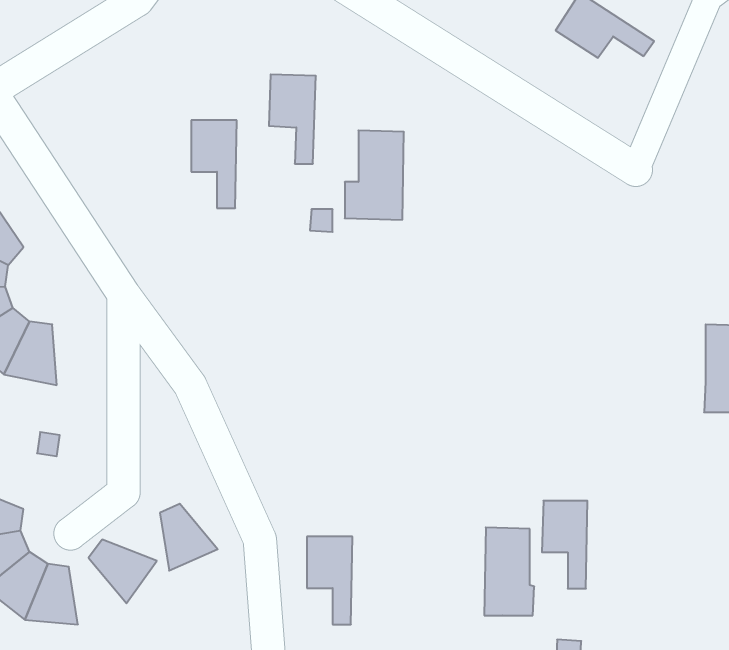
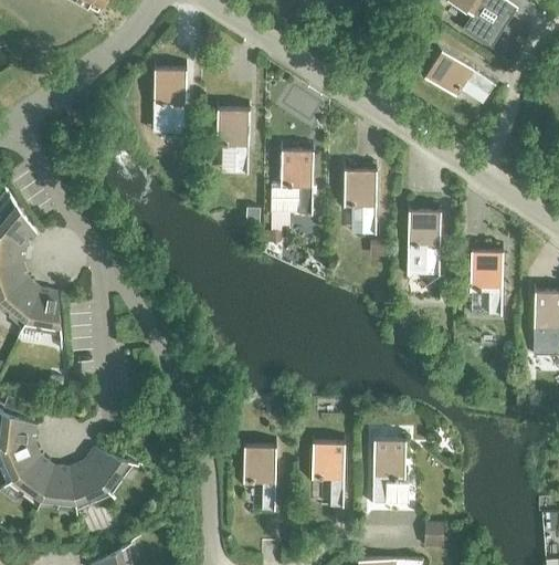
building: [191,120,237,208] -> [154,67,187,132]
building: none -> [344,168,377,232]
building: none -> [407,209,441,273]
building: none -> [470,249,503,314]
building: [542,501,587,589] -> [312,441,345,505]
building: [160,504,218,571] -> [70,460,112,509]

